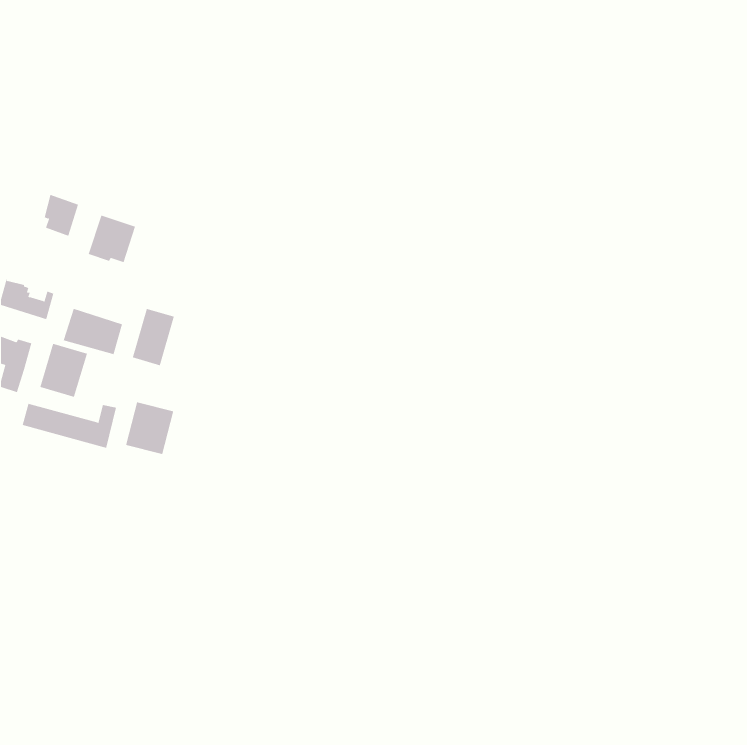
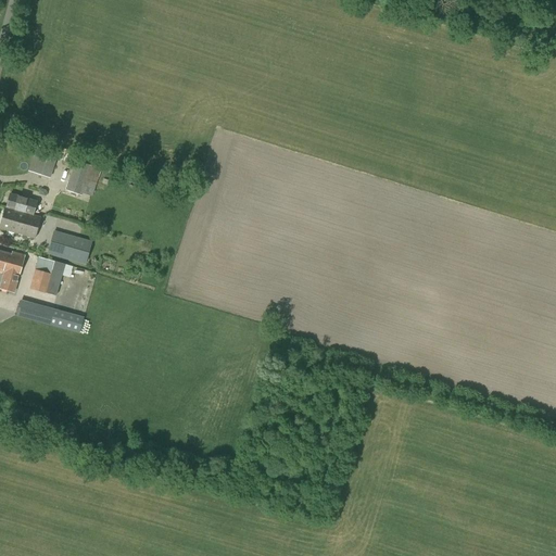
building: none -> [4,192,41,224]
building: [132,308,174,366] -> none
building: [125,402,174,455] -> none

